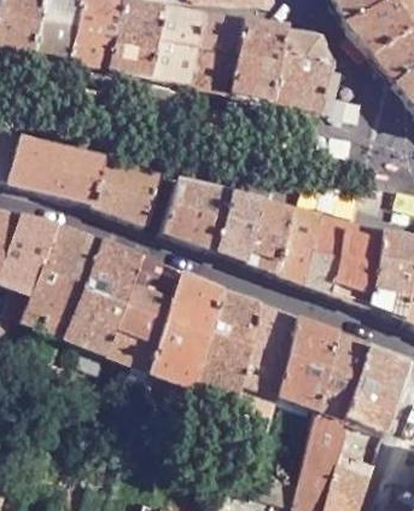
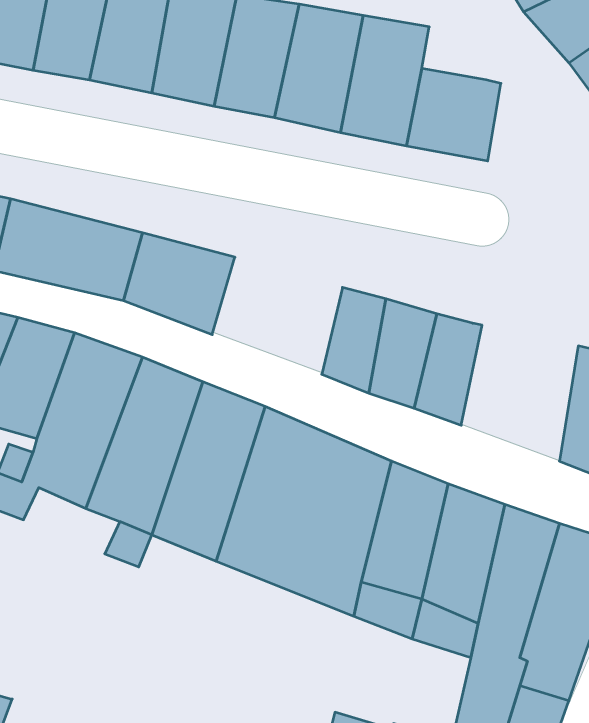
building: [280,28,331,64] -> none
building: [163,179,229,250] -> none
building: [305,219,380,306] -> none

